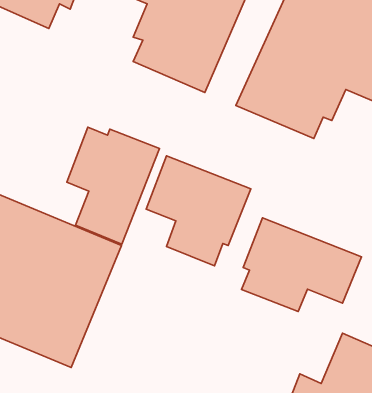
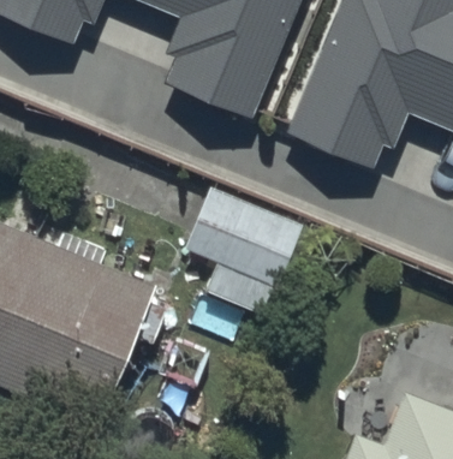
building: [67,127,159,244] -> none
building: [242,218,362,312] -> none

